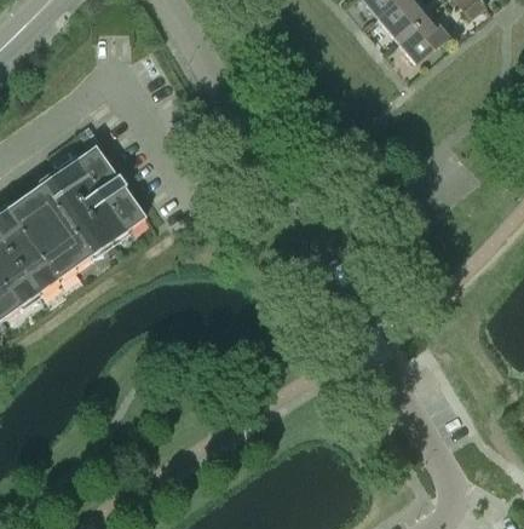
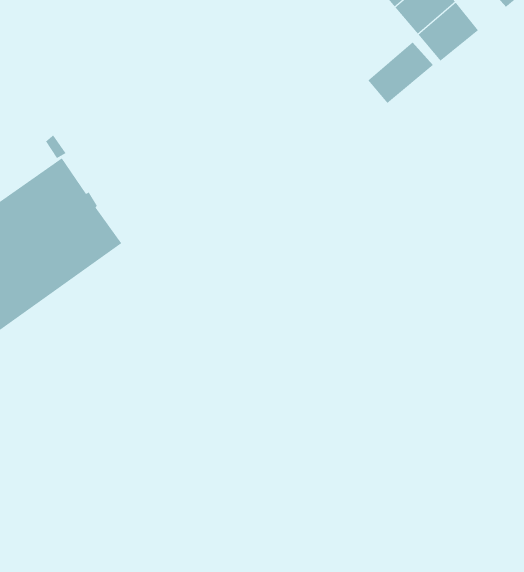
building: none -> [368,41,434,104]

